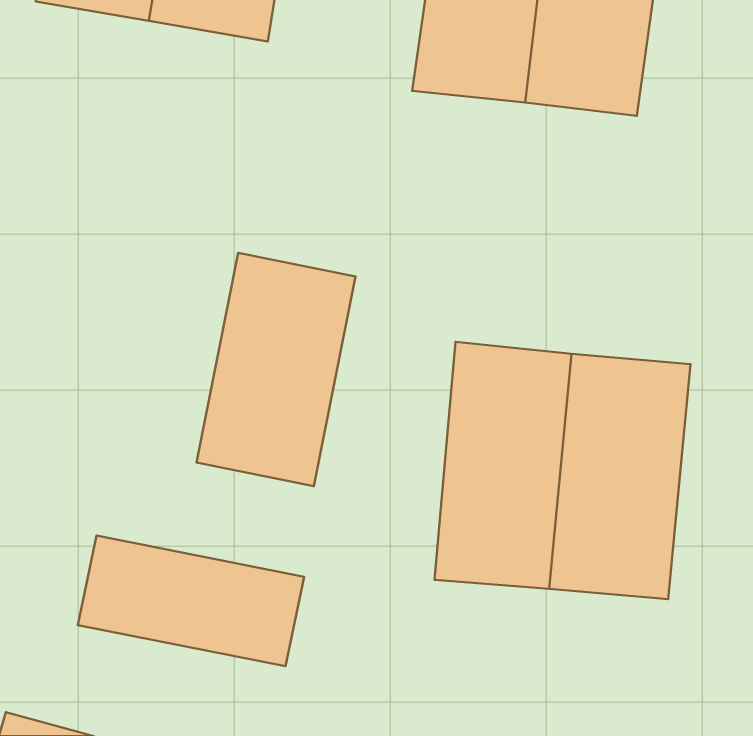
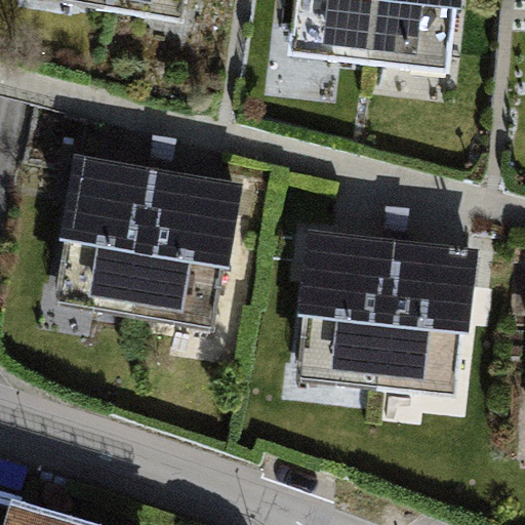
building: none -> [51,158,164,319]
building: [78,536,304,666] -> none

